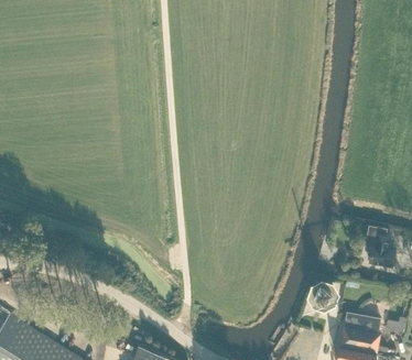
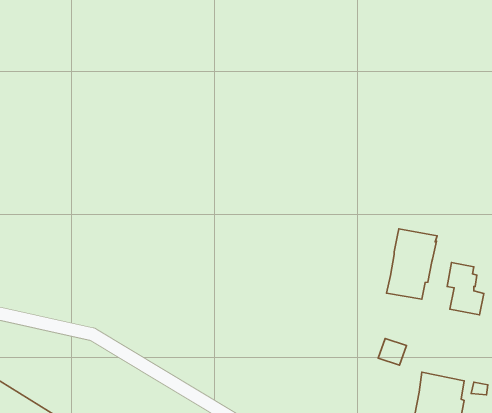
building: none -> [387,229,437,299]

